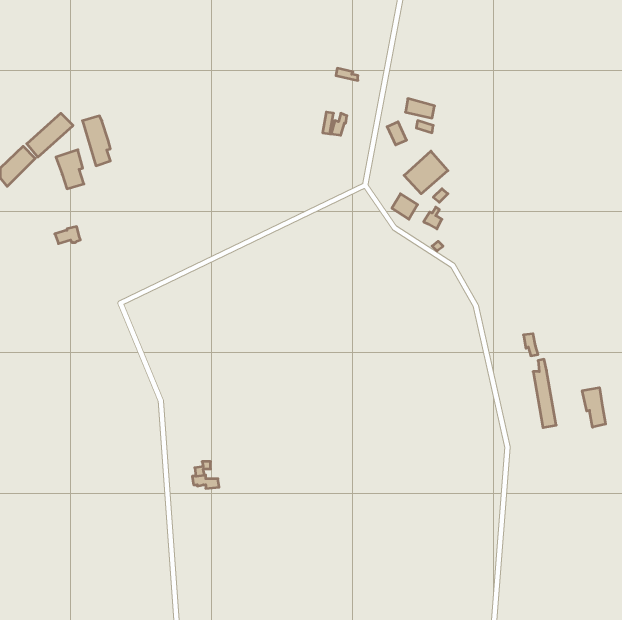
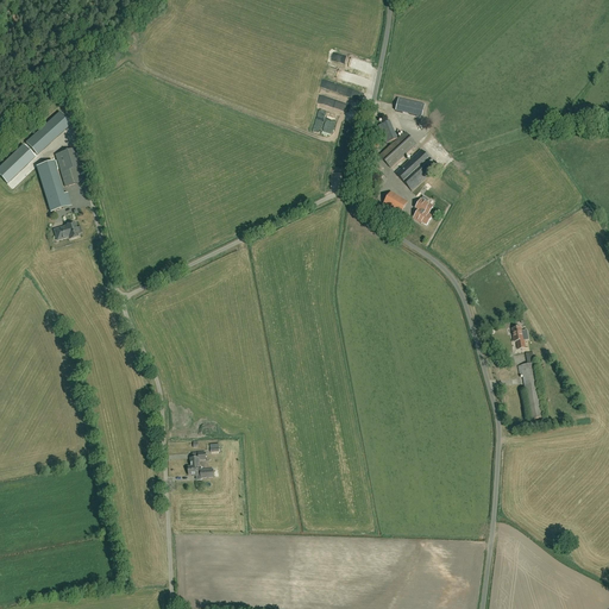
building: [82,116,110,166] -> [37,162,64,211]
building: none -> [379,131,416,167]
building: [582,388,606,427] -> none

